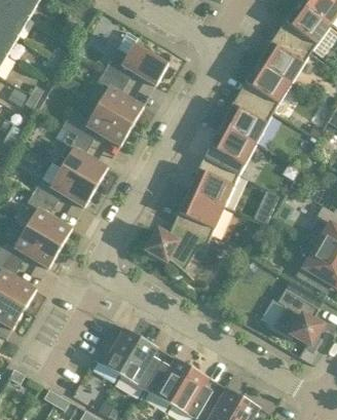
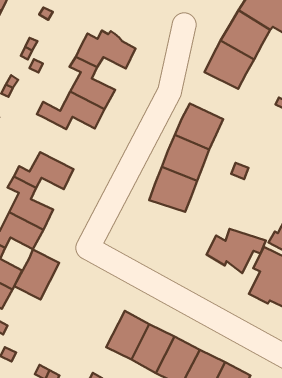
building: [221,93,272,144] -> none
building: [62,131,108,187] -> none
building: [147,224,210,271] -> [207,229,266,273]
building: [92,322,141,375] -> [14,250,59,299]

